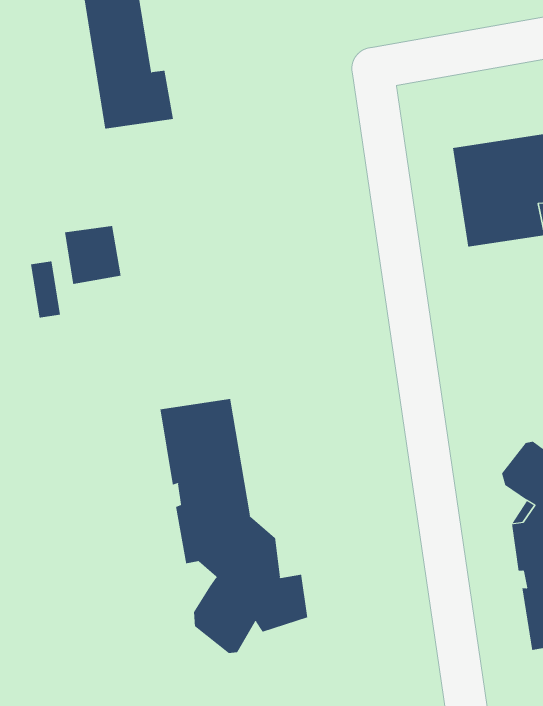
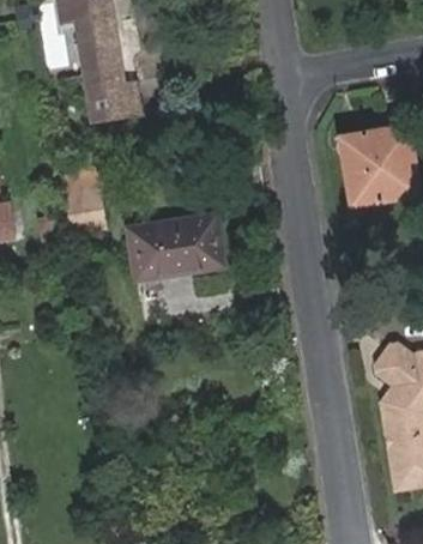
building: none -> [125,214,224,279]
building: [160,398,308,654] -> none

